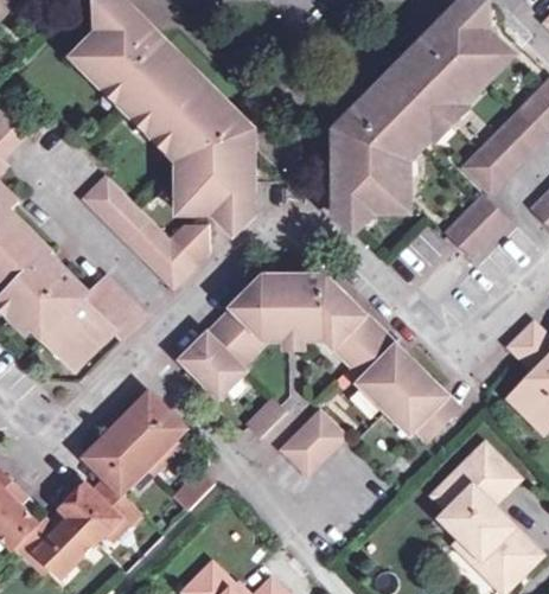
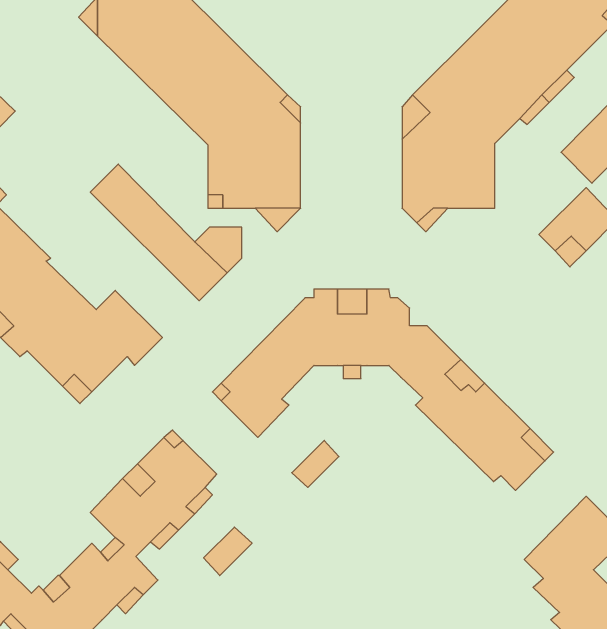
building: [280,410,343,473] -> none

